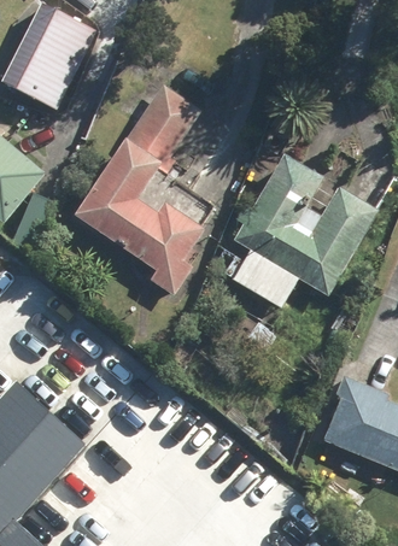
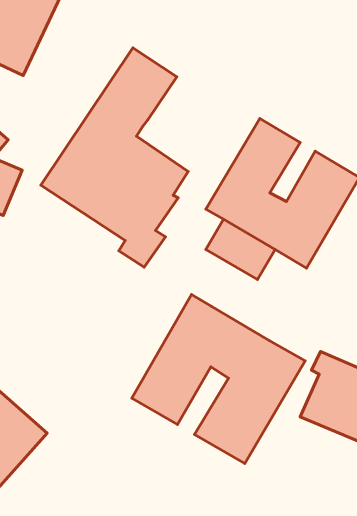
building: none -> [132,294,305,463]

